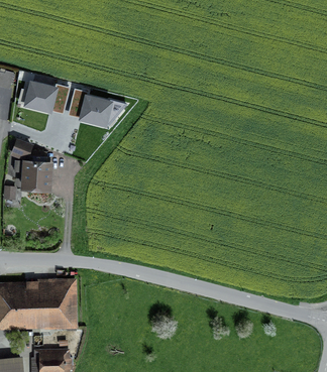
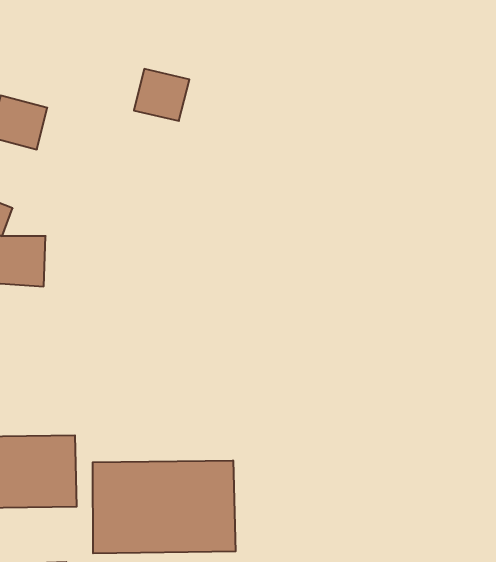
building: [78,96,110,126] -> [134,69,189,121]
building: none -> [93,460,236,553]

